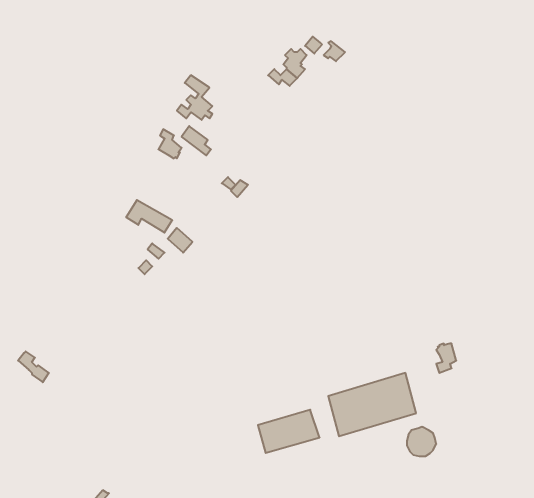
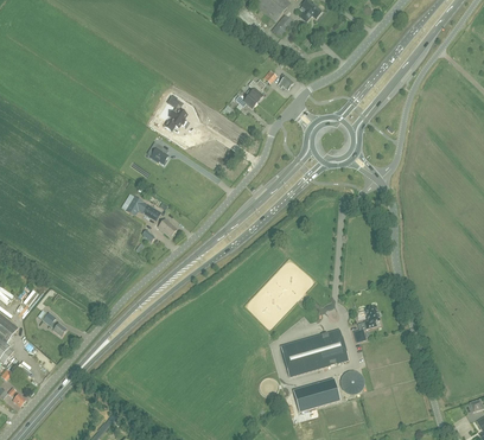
building: [258,410,320,453] -> [292,378,339,412]

